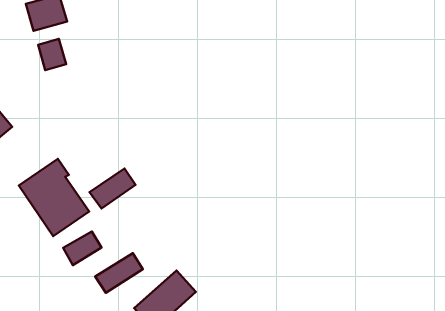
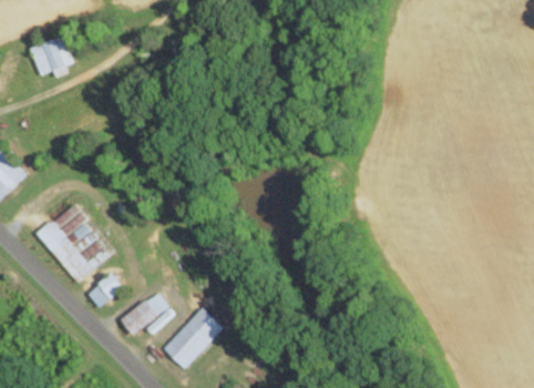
building: [38,39,66,70] -> none
building: [90,169,135,209] -> none

